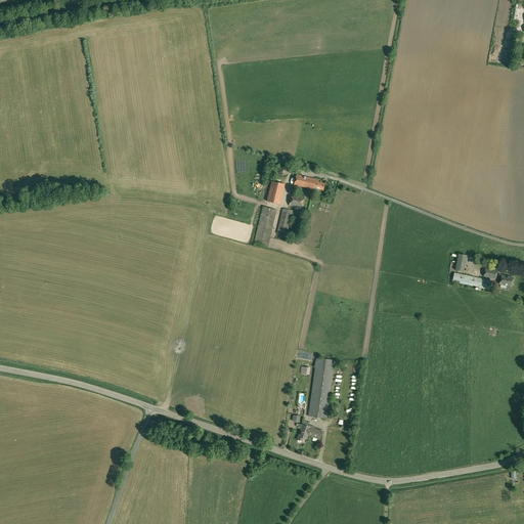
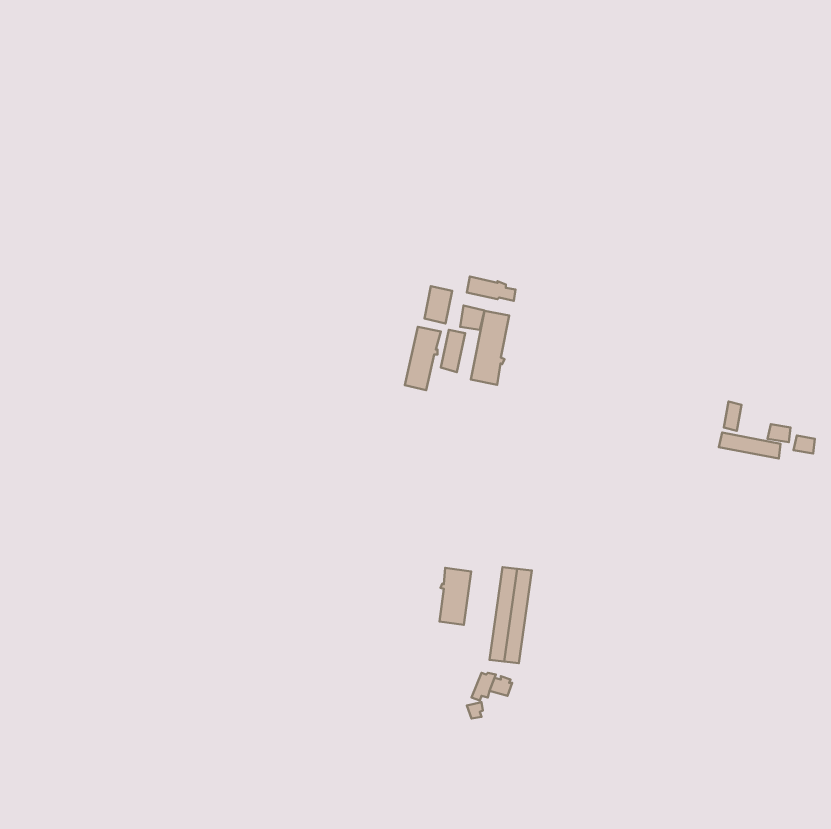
building: none -> [471,311,509,385]
building: none -> [439,568,471,625]

